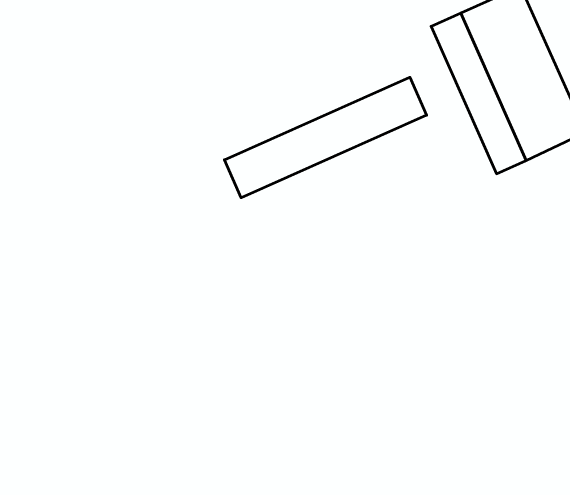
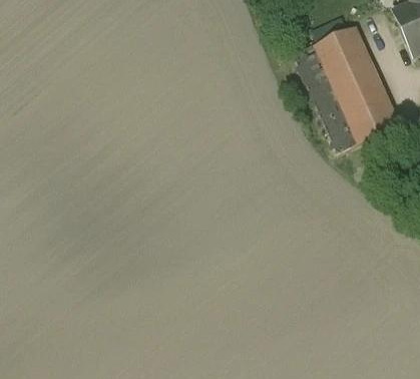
building: [224,77,427,198] -> none

